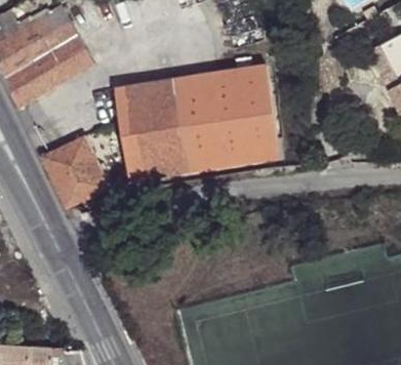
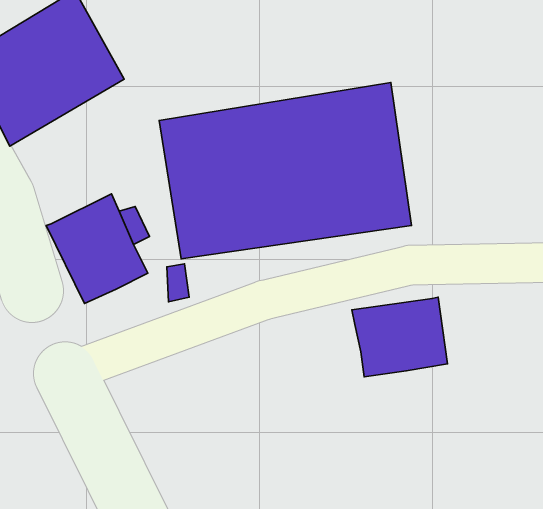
building: none -> [352,297,448,377]

